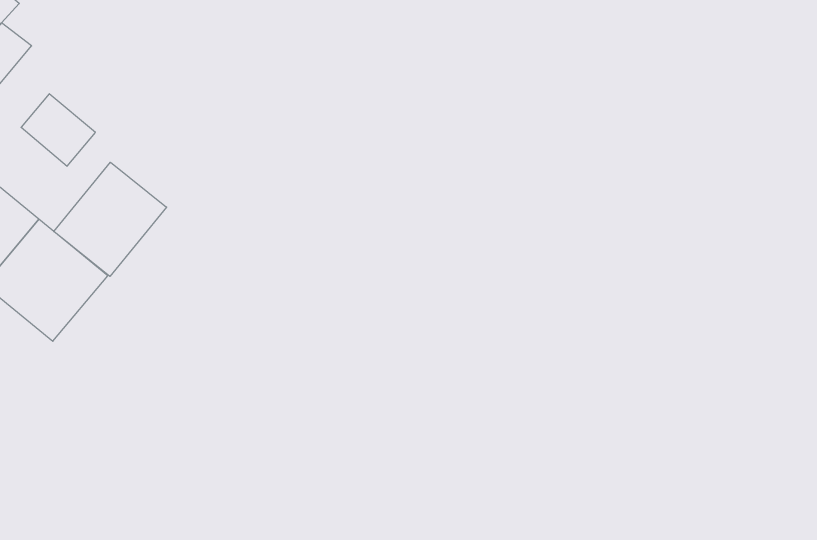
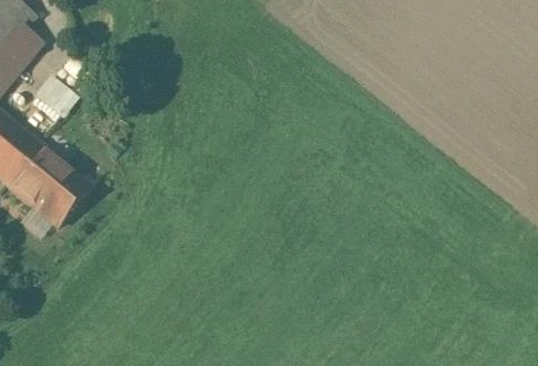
building: [54,162,167,276] -> none

